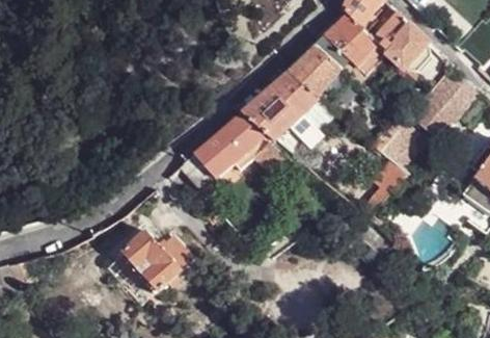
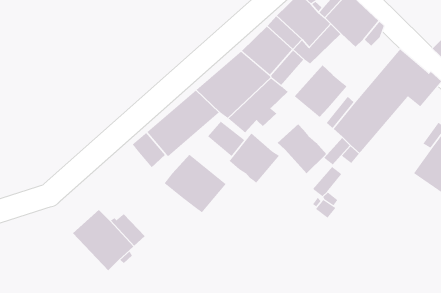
building: none -> [294,64,347,118]
building: none -> [277,124,327,174]
building: none -> [229,132,280,183]
building: none -> [164,154,226,213]

